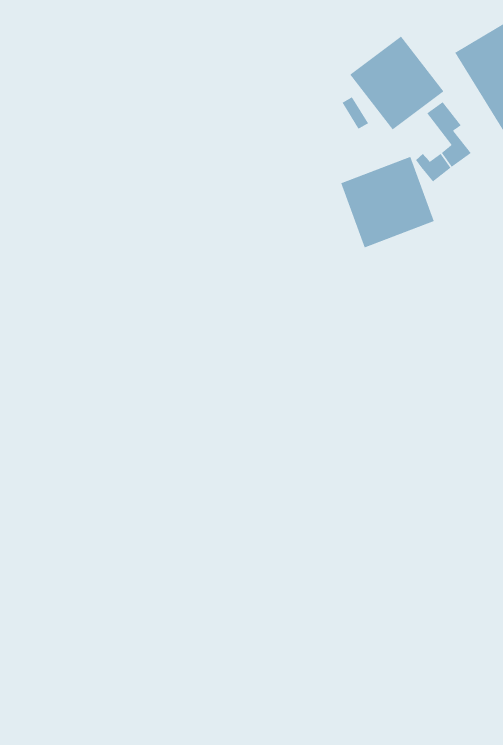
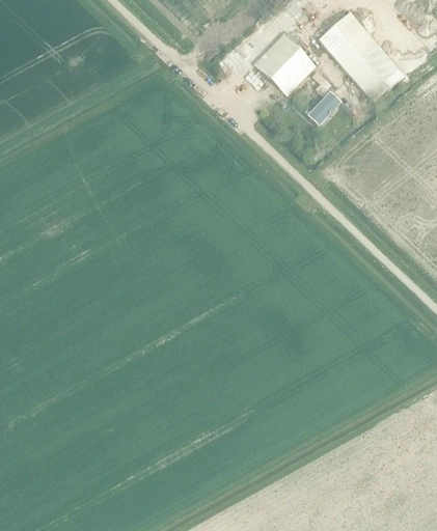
building: [340,156,435,248] -> none

